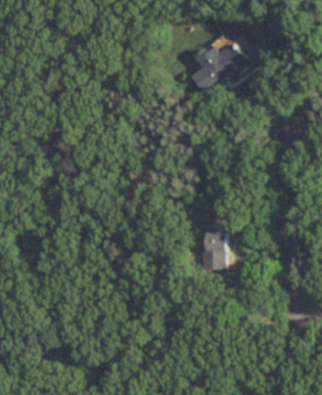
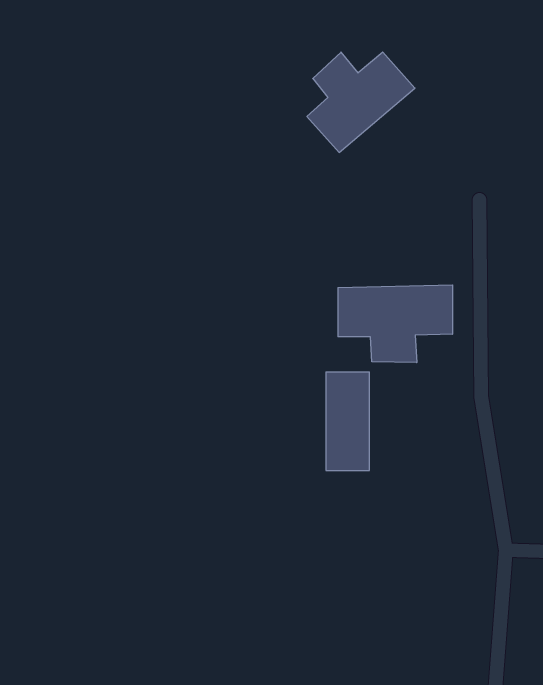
building: none -> [338,285,452,363]

